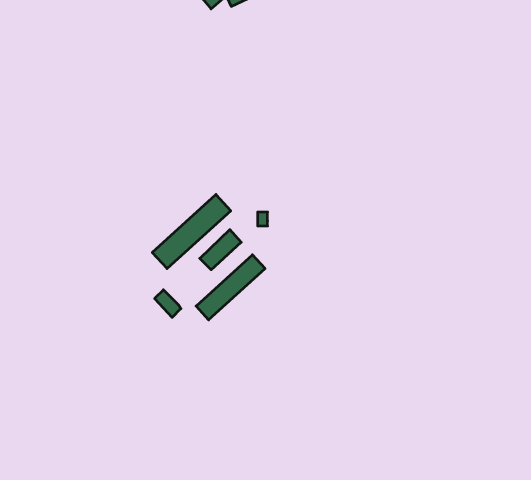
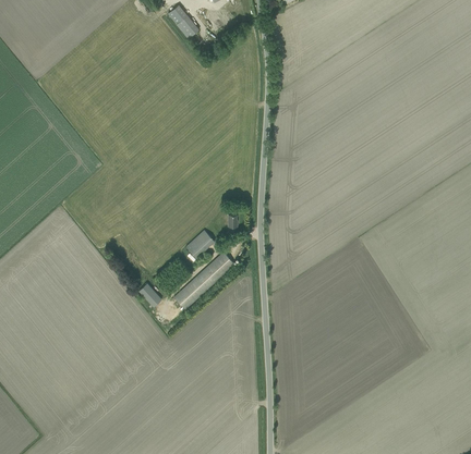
building: [152,194,231,269] -> none

